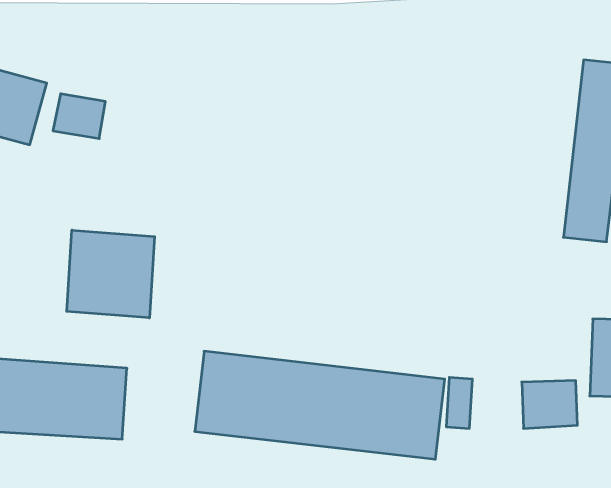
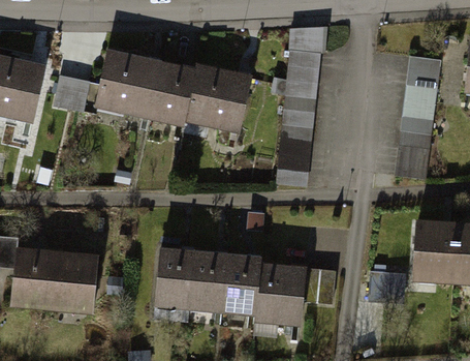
building: none -> [278,32,318,180]
building: none -> [94,54,257,130]
building: [67,230,155,318] -> none

